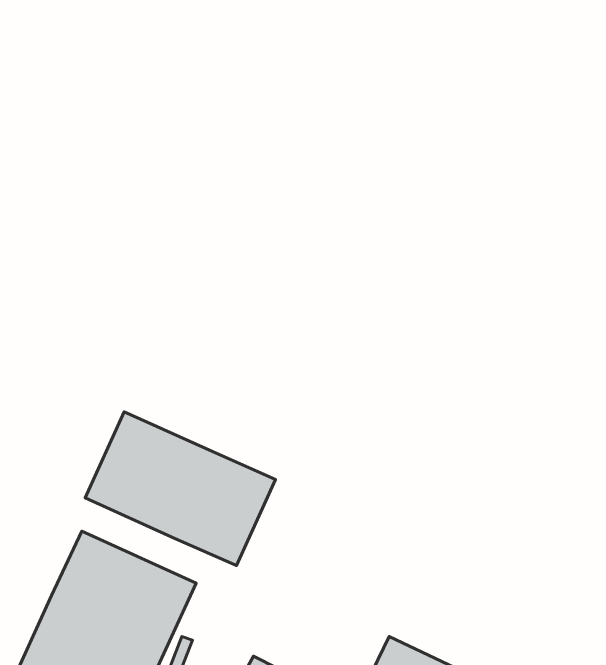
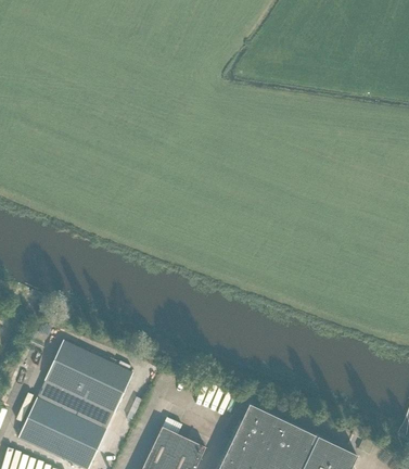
building: [85,412,275,565] -> none

